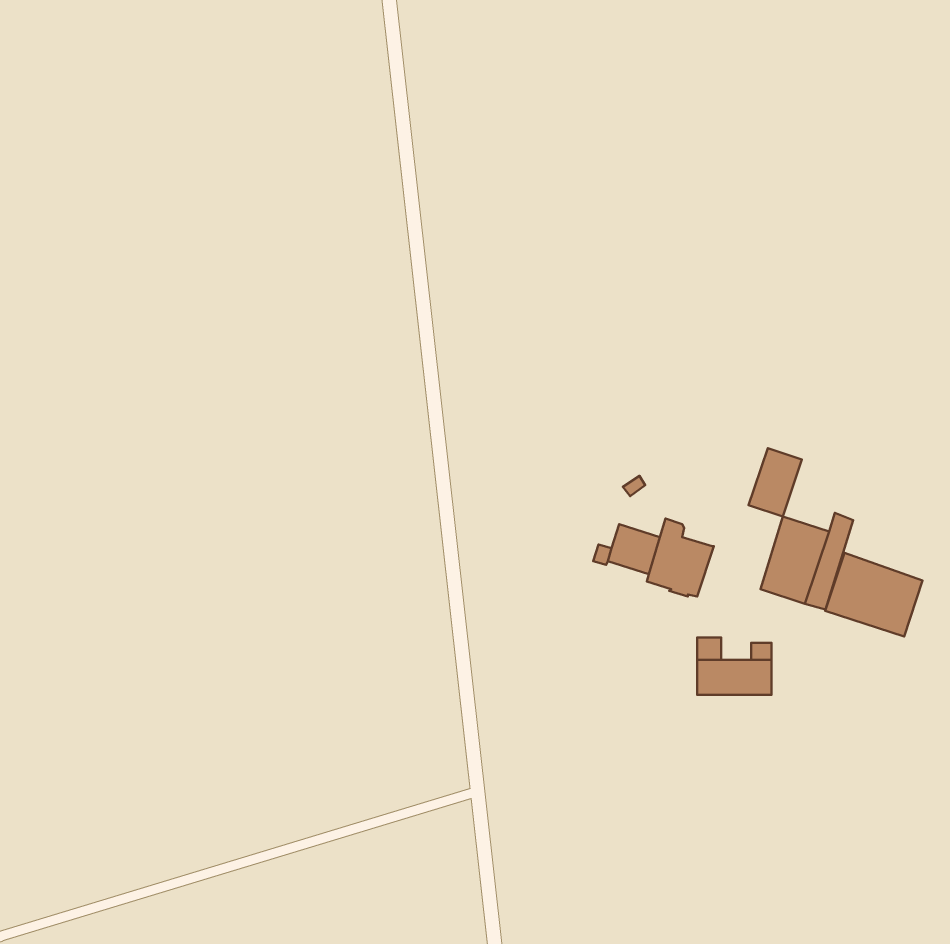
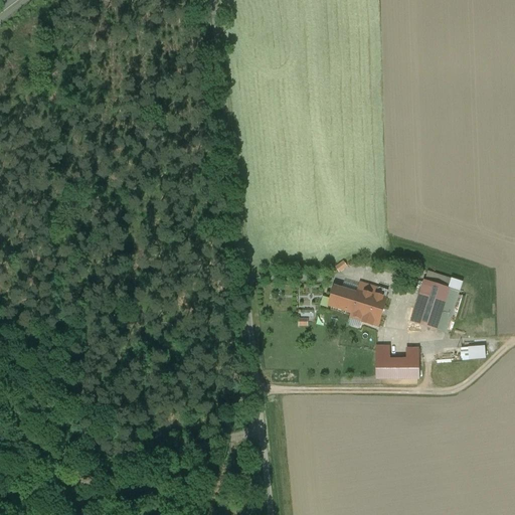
building: [749,448,802,517] -> none
building: [825,553,922,636] -> none

